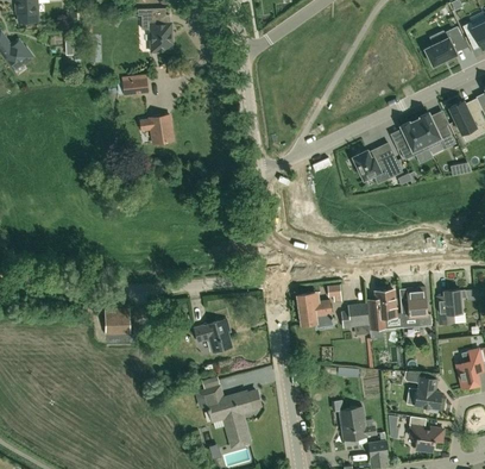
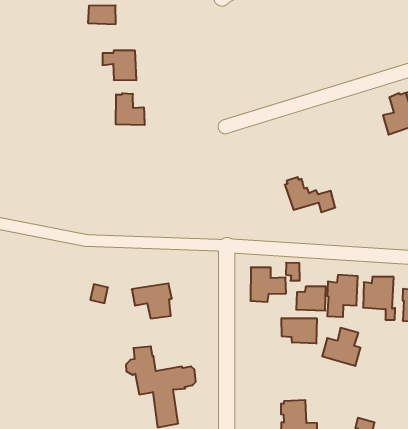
building: [353,149,401,179] -> [285,177,335,212]
building: none -> [116,93,145,125]
building: [106,309,130,331] -> none
building: none -> [282,318,317,344]
building: [407,376,440,408] -> [322,328,361,366]

